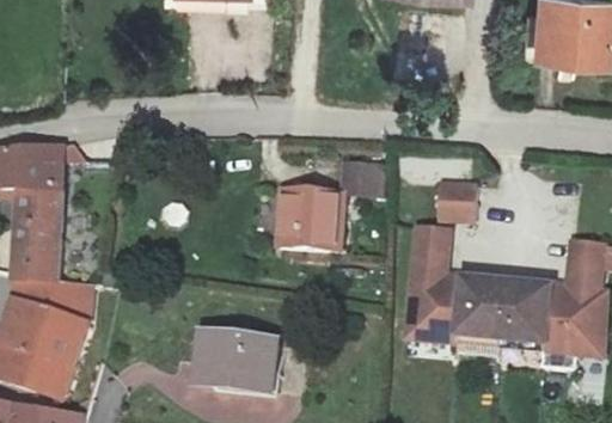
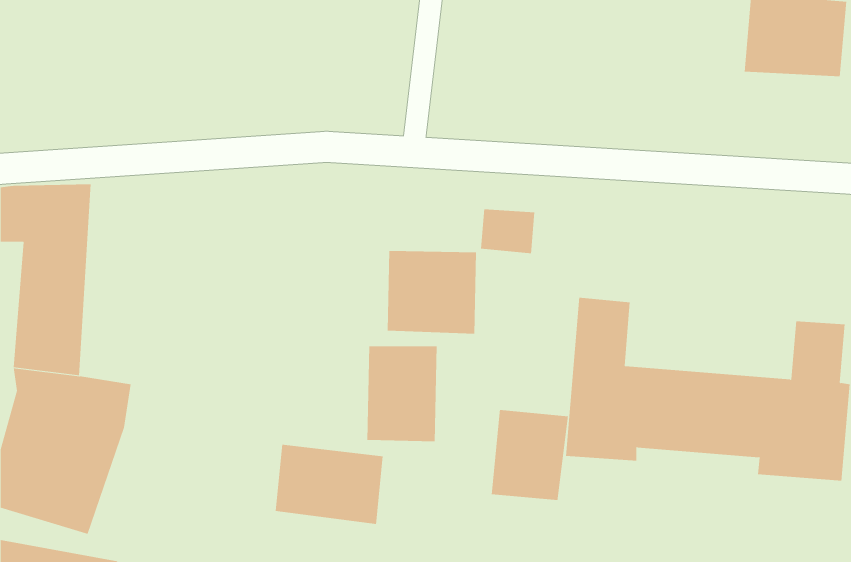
building: [439,183,472,220] -> none
building: none -> [367,345,437,442]
building: none -> [491,409,569,501]

